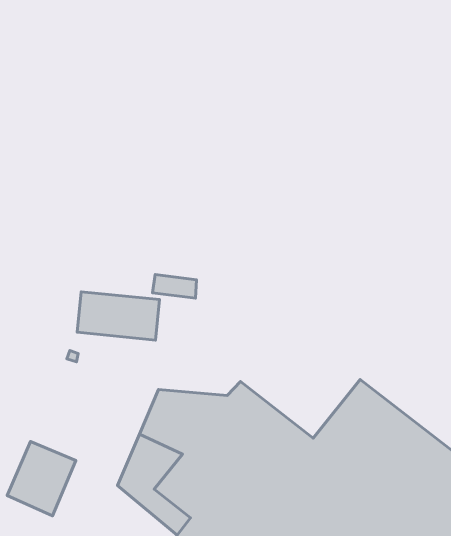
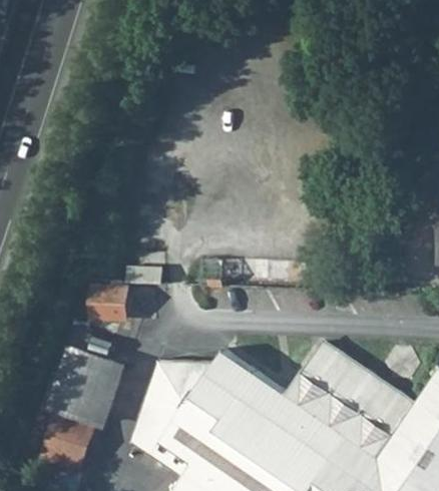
building: none -> [48,345,117,423]

